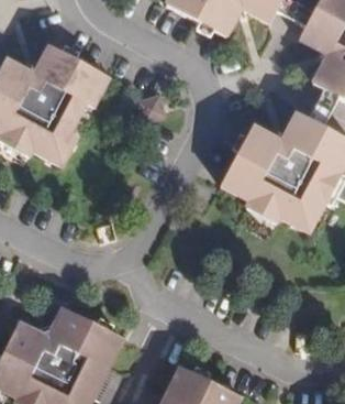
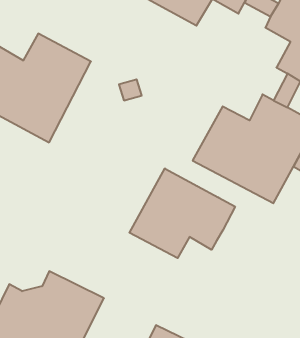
building: none -> [129,168,235,258]

